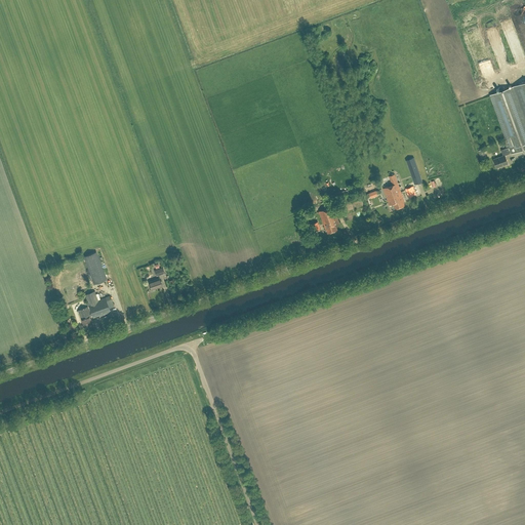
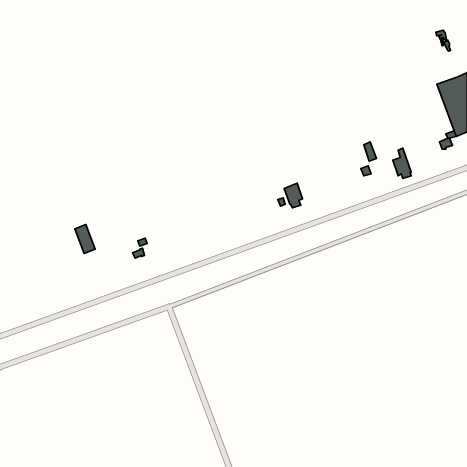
building: [383,175,404,209] -> [393,148,411,178]
building: [78,292,114,327] -> none

